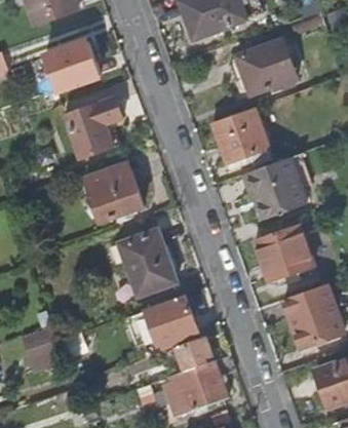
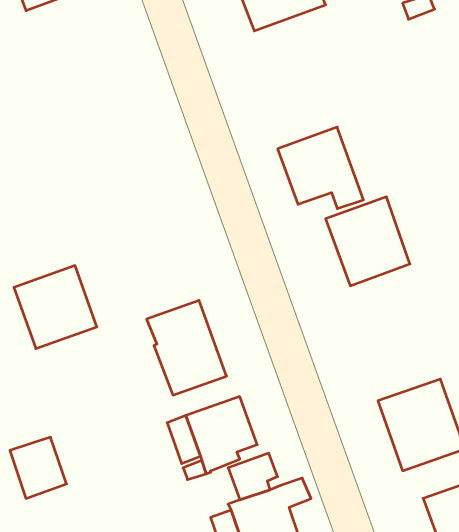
building: [235,39,296,94] -> none
building: [44,40,100,90] -> none
building: [65,96,122,158] -> none
building: [84,162,143,221] -> [14,266,97,349]
building: [255,223,314,282] -> none

